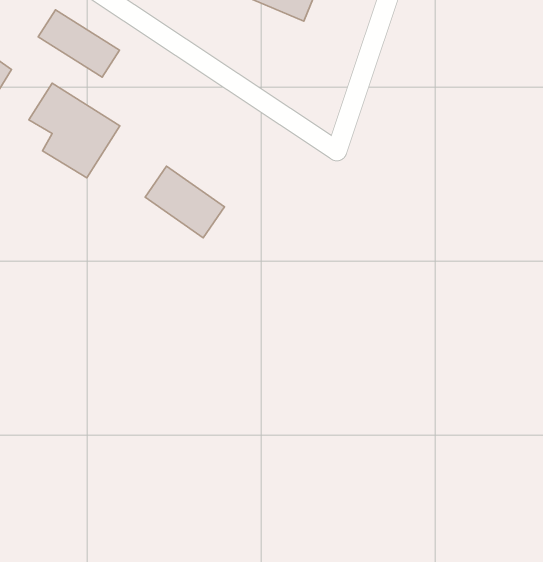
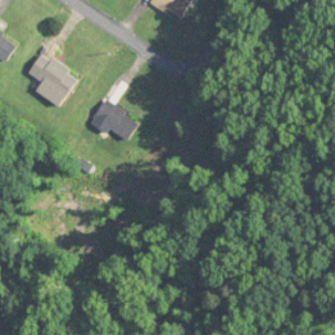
building: [38,10,120,77] -> none

